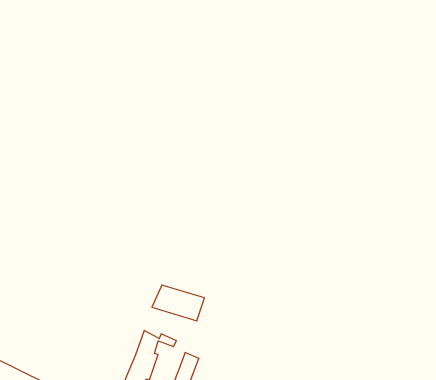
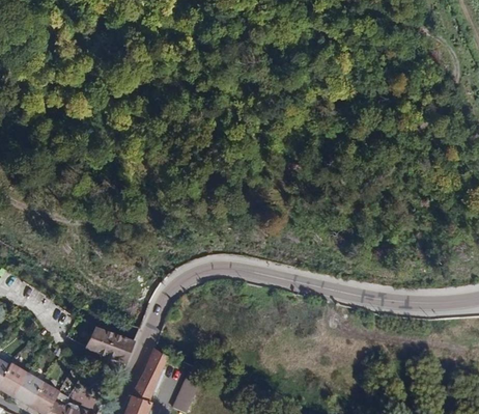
building: [152,285,204,321] -> [85,327,134,362]

